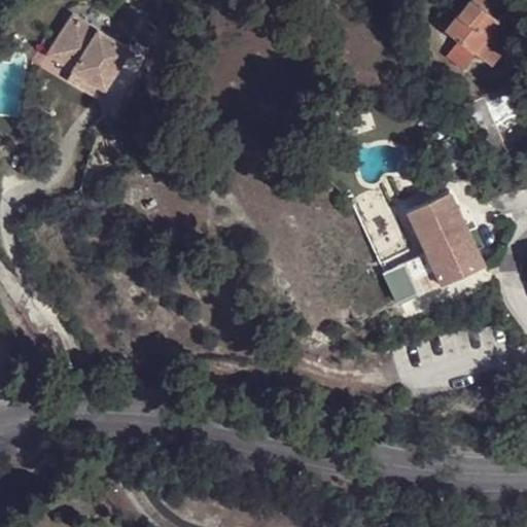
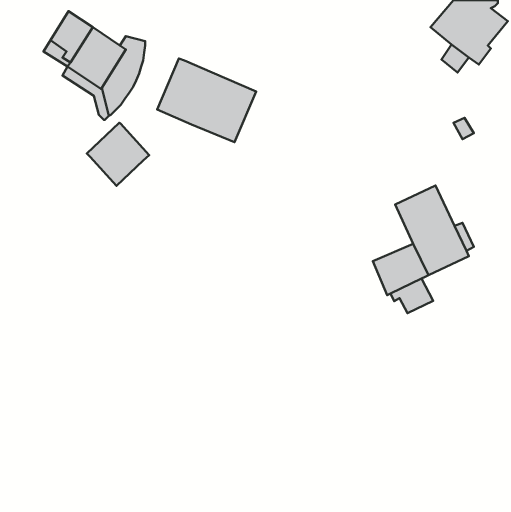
building: none -> [157,59,256,142]
building: none -> [87,123,149,186]
building: none -> [391,279,433,313]

